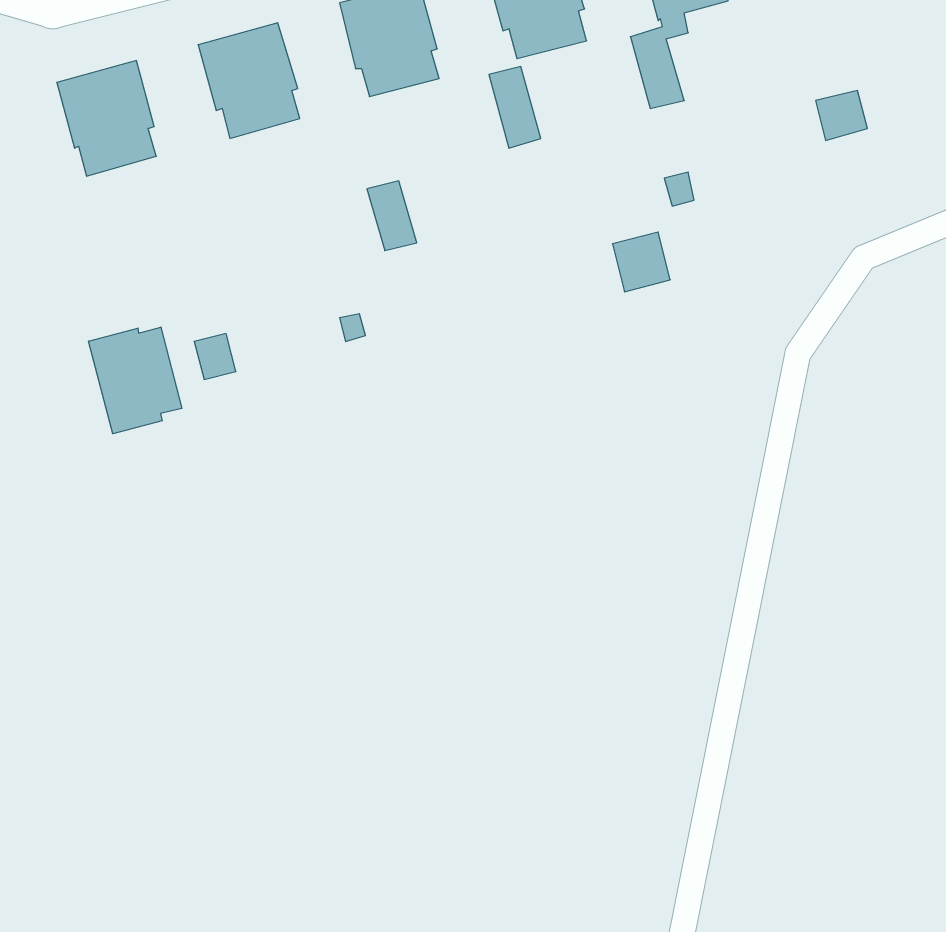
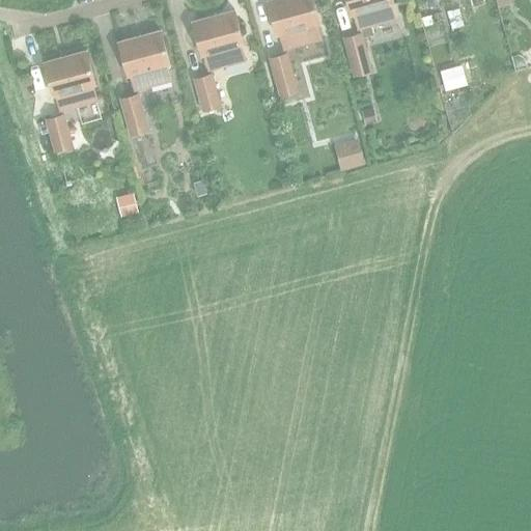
building: none -> [120,94,147,135]
building: [367,181,417,251] -> [194,75,220,111]
building: none -> [46,115,72,151]
building: [89,327,182,434] -> none

